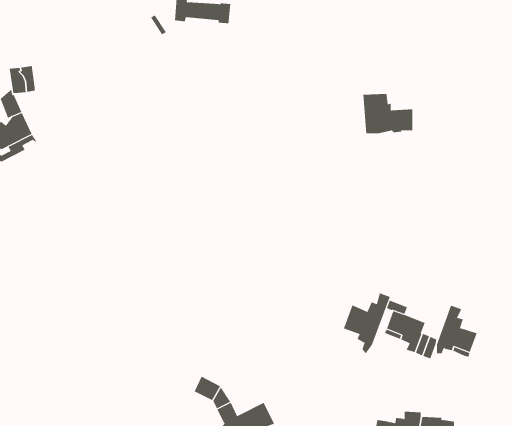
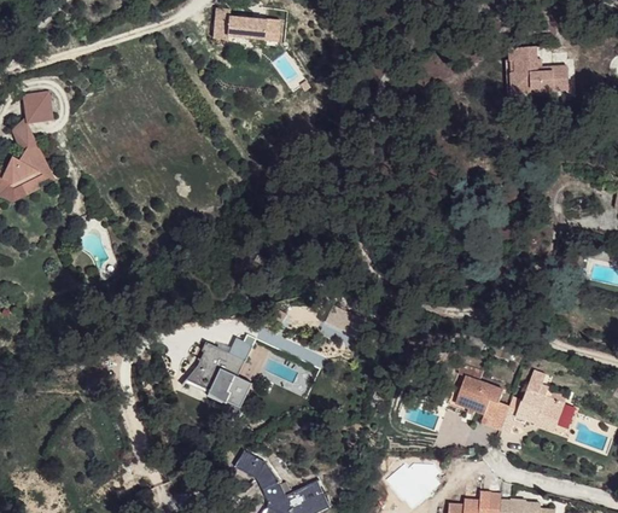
building: [362,93,413,134] -> [506,48,565,95]
building: none -> [193,338,255,426]
building: [343,292,390,354] -> none

